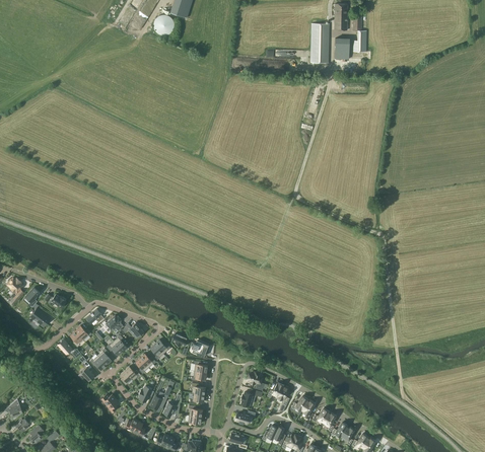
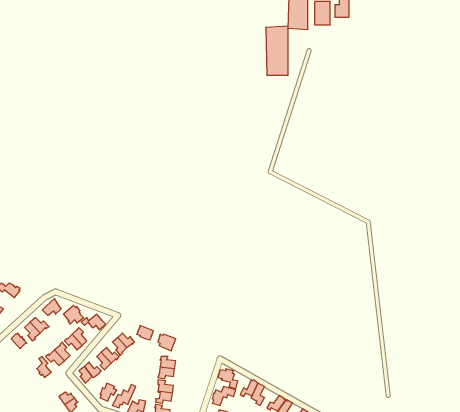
building: none -> [266,26,288,76]

